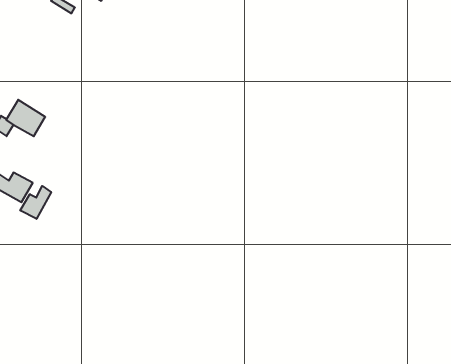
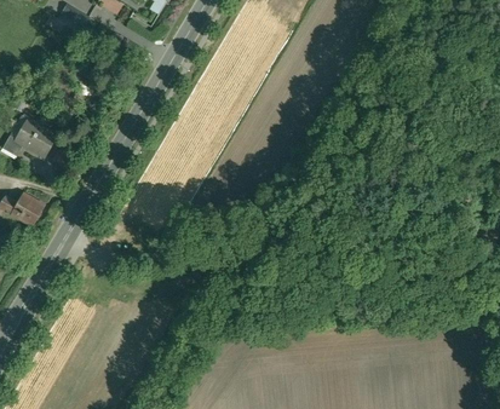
building: [20,186,51,219] -> none

